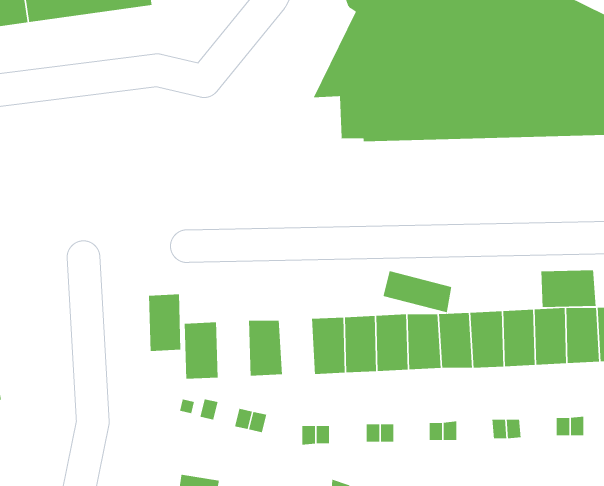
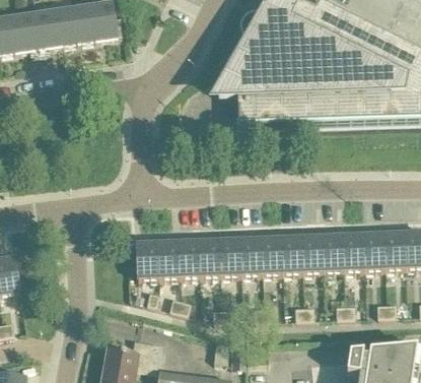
building: [541,269,596,308] -> none
building: [383,270,452,313] -> none
building: [148,294,181,352] -> [157,239,179,276]
building: none -> [198,238,220,274]

